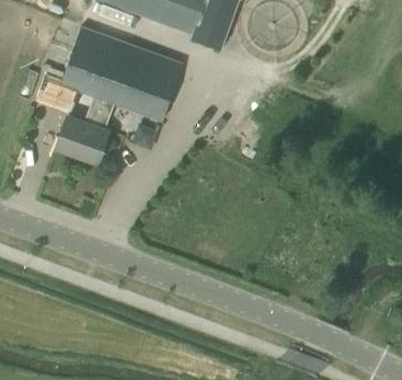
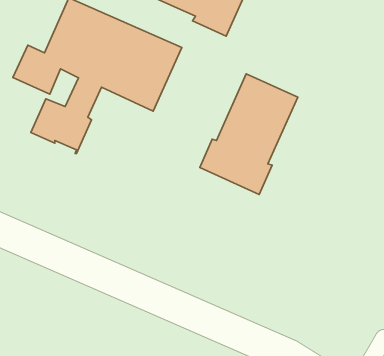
building: none -> [200,74,298,194]

